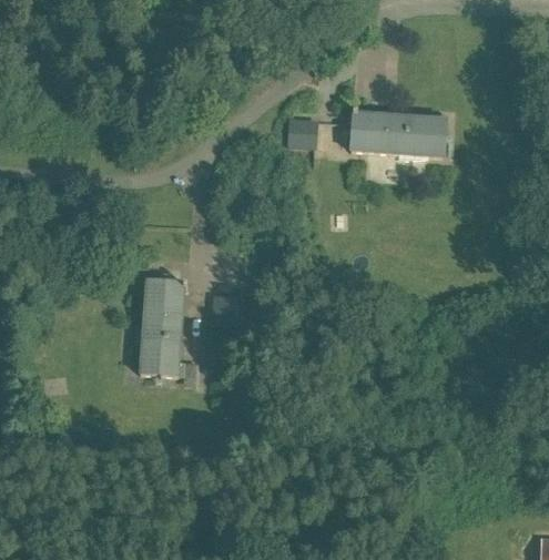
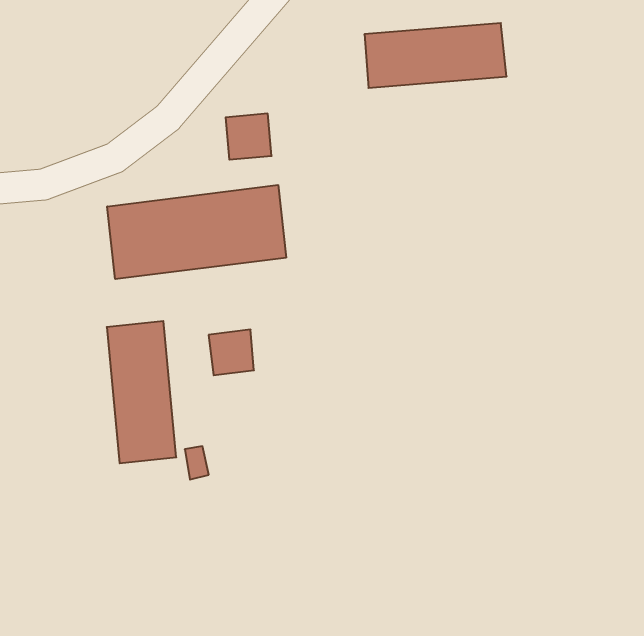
building: [286,120,317,151] -> [226,114,272,160]
building: none -> [107,185,286,279]

